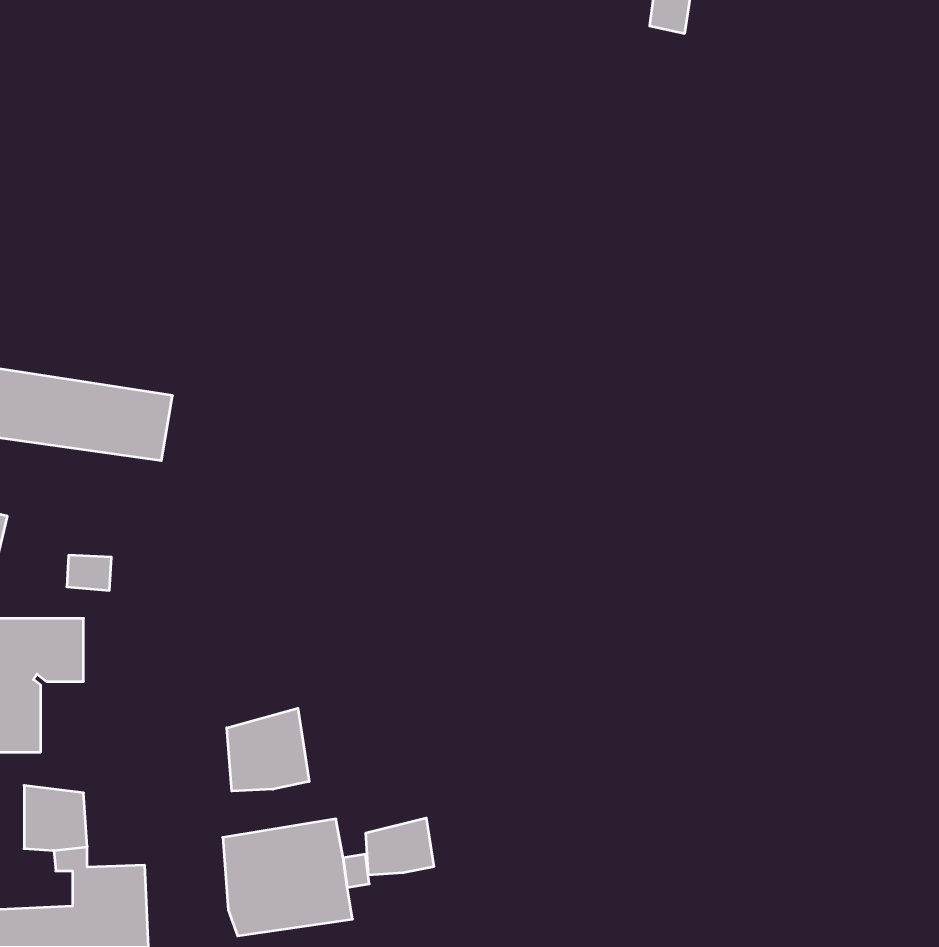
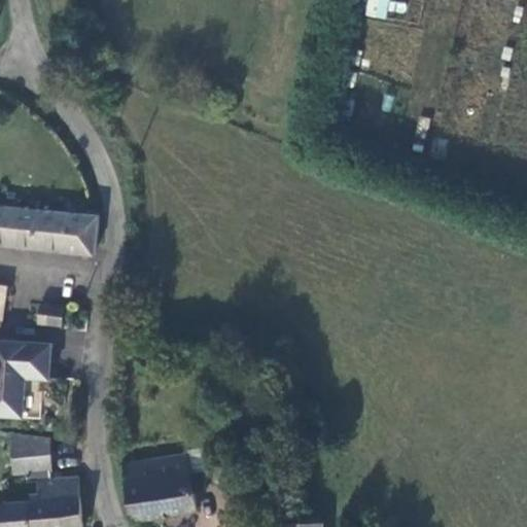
building: [227,708,309,791] -> none
building: [366,818,434,875] -> none

